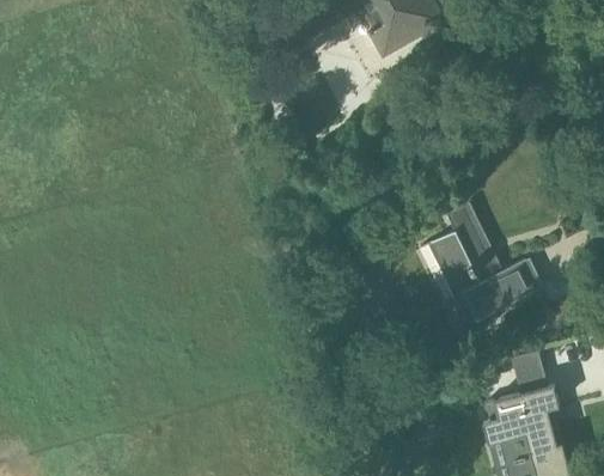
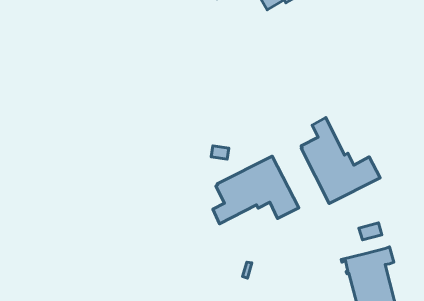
building: none -> [213,156,299,224]

